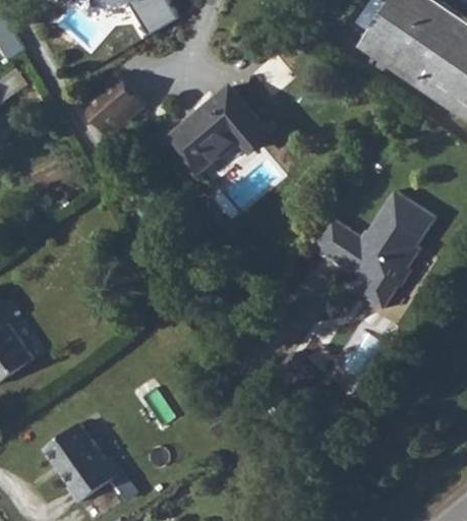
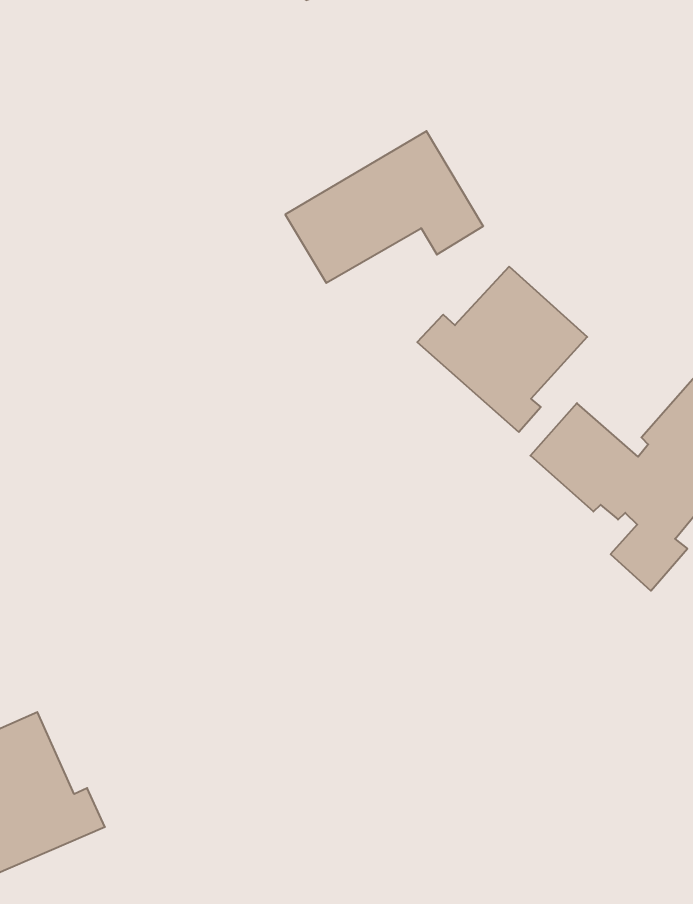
building: [80,80,137,137] -> none
building: none -> [417,267,587,432]

